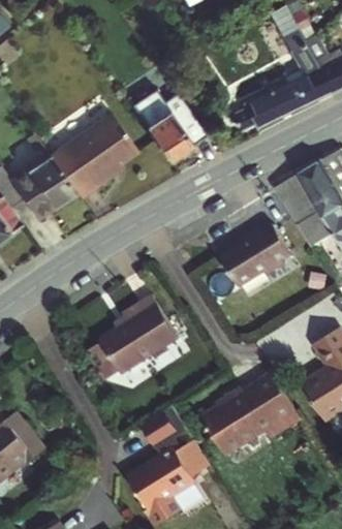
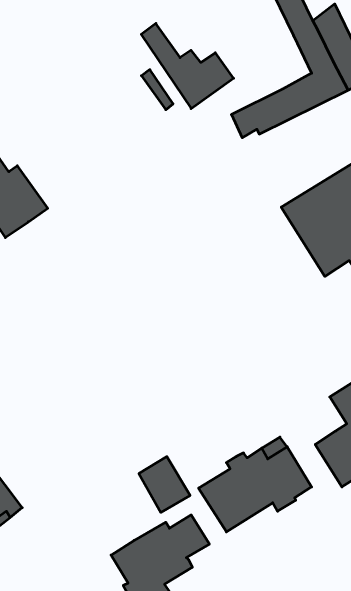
building: [126,86,205,158] -> [141,23,234,109]
building: [49,108,135,193] -> none
building: [217,224,291,287] -> none
building: [84,303,175,387] -> none

